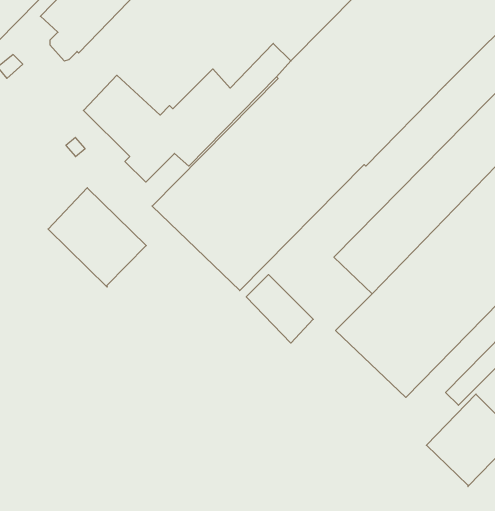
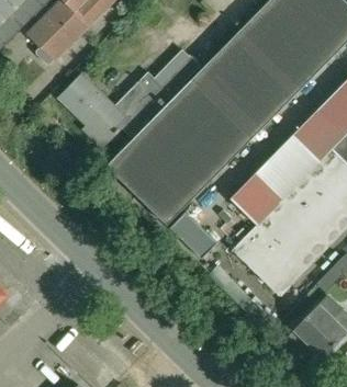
building: [48,188,146,287] -> none

